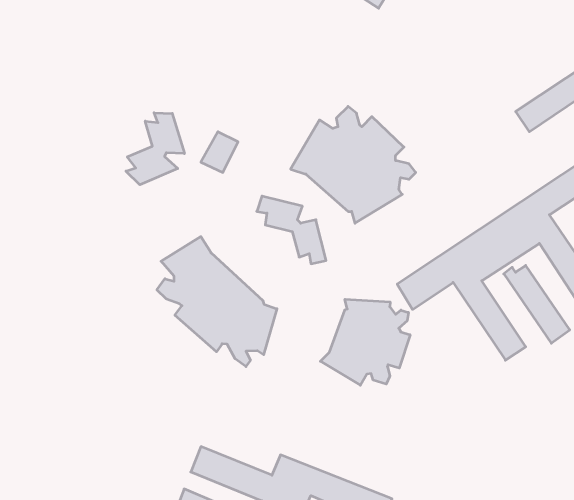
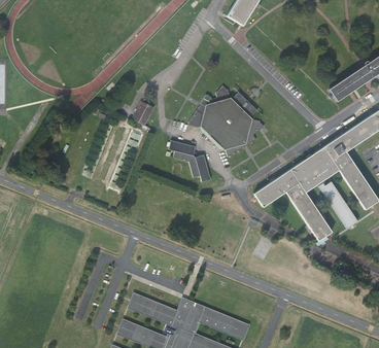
building: [126,113,184,185] -> none
building: [157,237,277,367] -> none
building: [320,299,410,385] -> none

